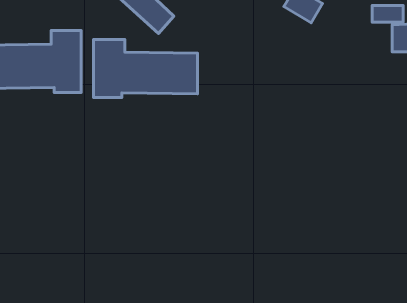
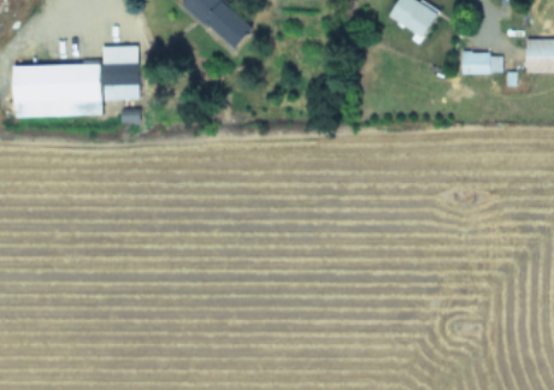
building: [372,6,403,22] -> [461,53,500,73]
building: [94,39,197,98] -> none

